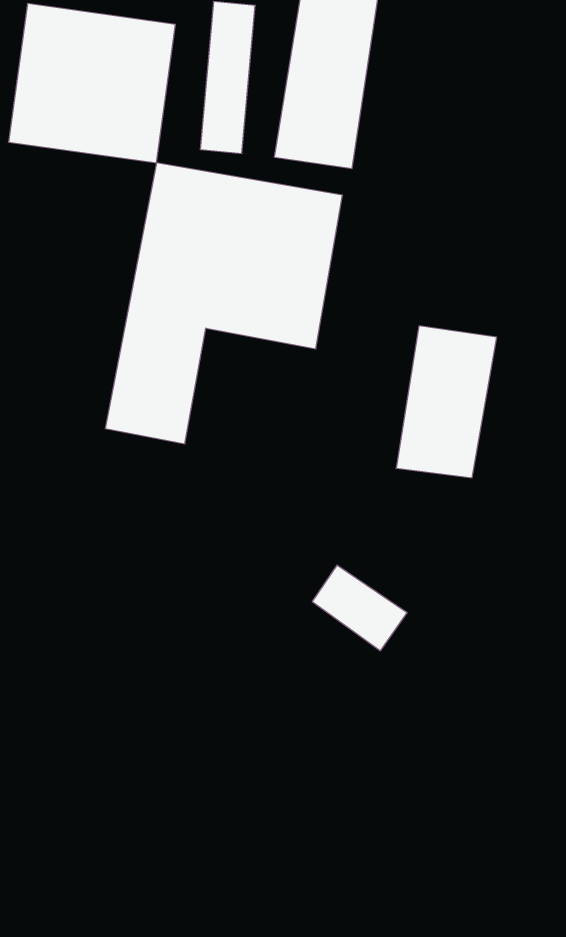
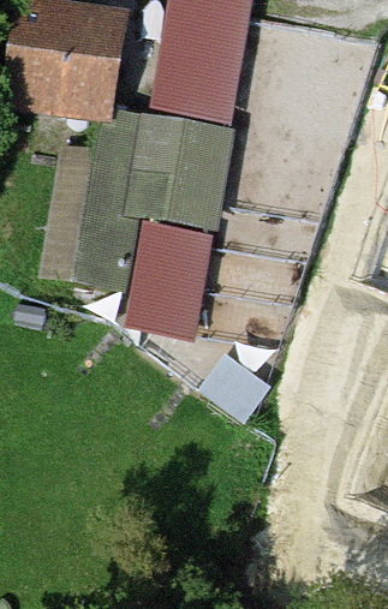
building: [396,326,497,478] -> [147,232,210,328]

